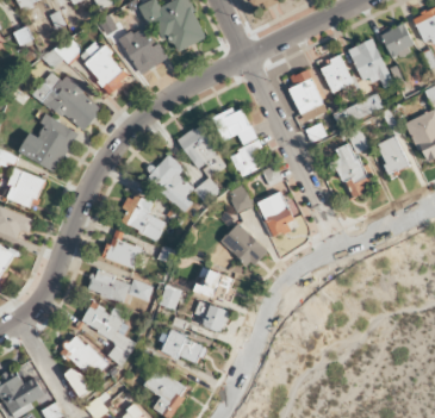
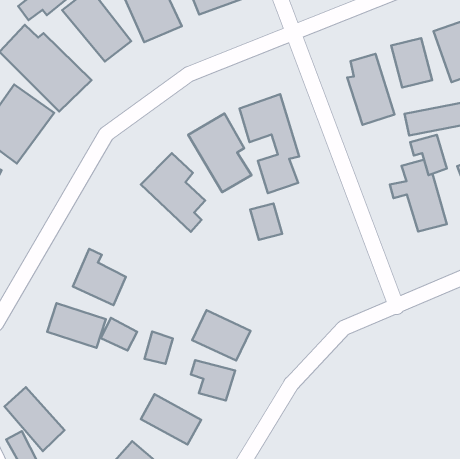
building: [257,192,294,237] -> none
building: [120,193,166,241] -> none
building: [220,223,267,268] -> none
building: [81,302,136,366] -> none

